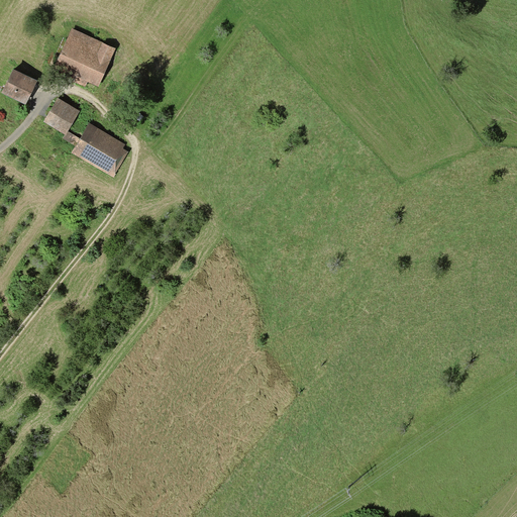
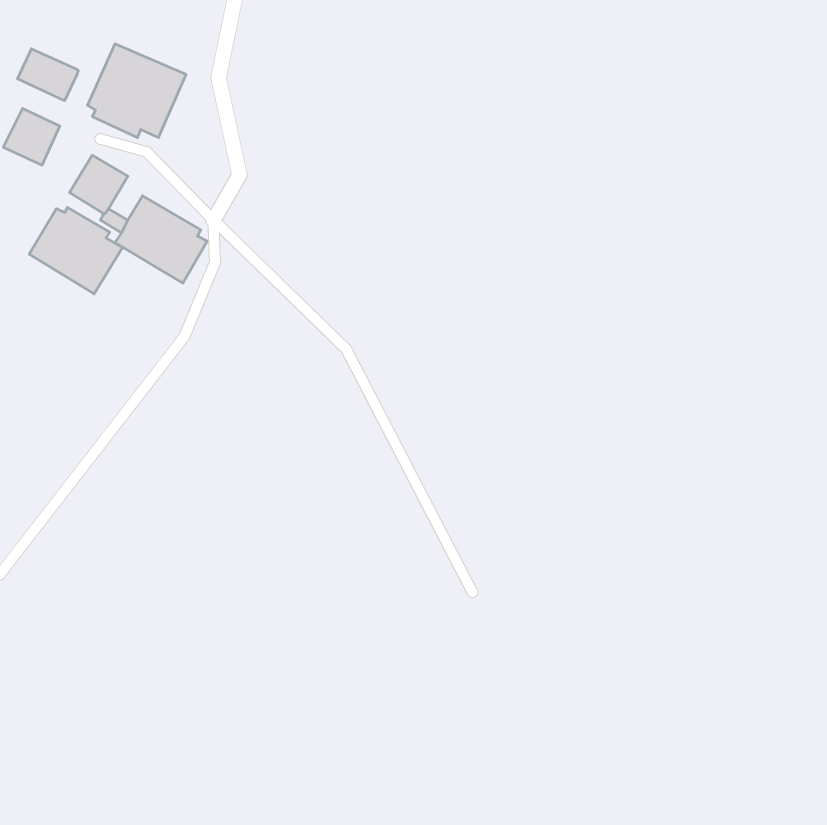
building: none -> [18,49,78,101]
building: none -> [29,207,122,294]

